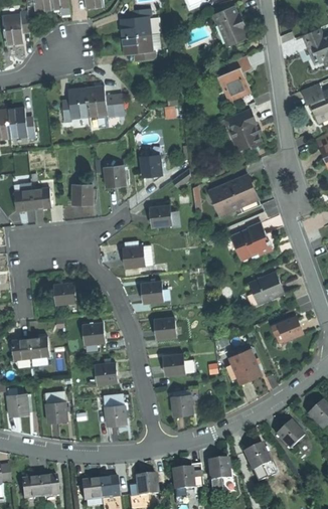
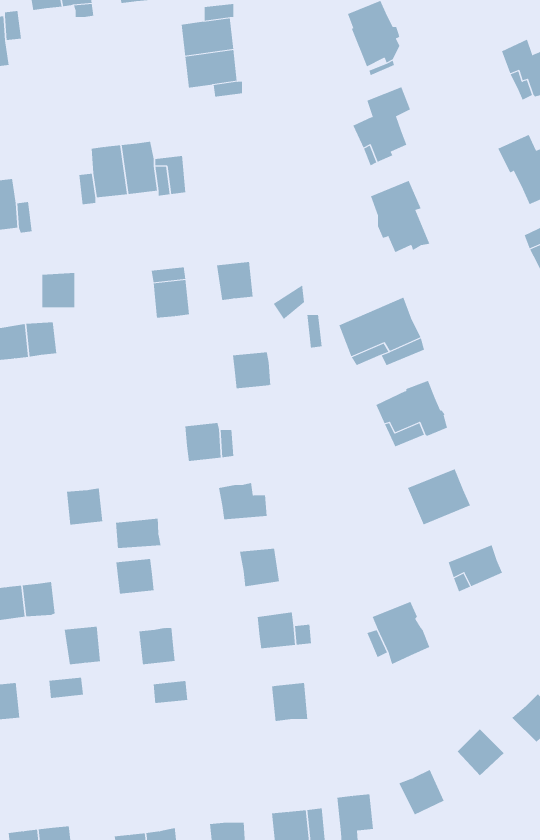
building: [71,183,91,203] -> [42,273,75,308]
building: none -> [116,518,161,549]
building: [45,401,66,423] -> [64,626,101,665]
building: [105,404,126,427] -> none

